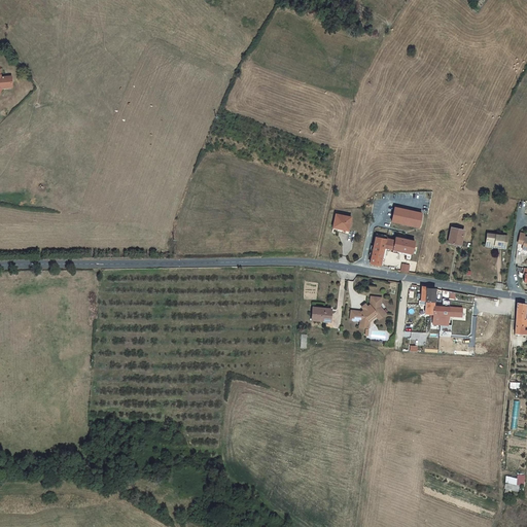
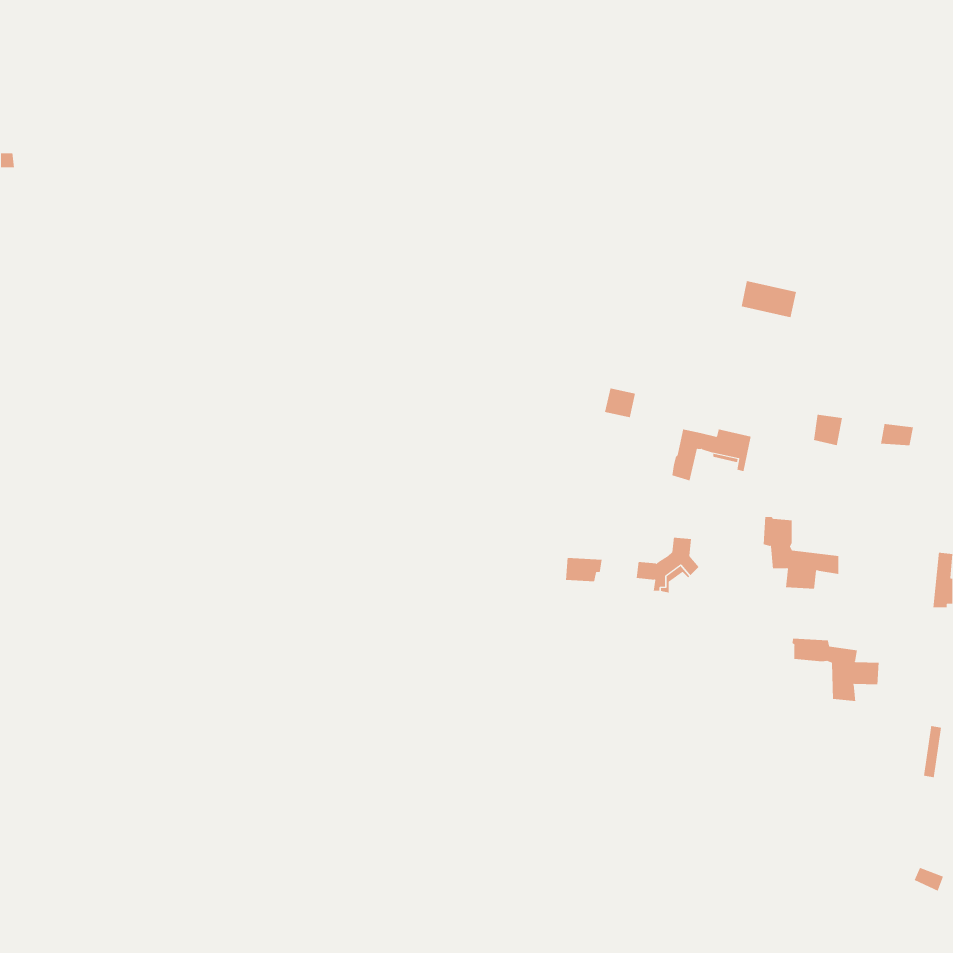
building: [392,208,423,229] -> [741,281,797,318]
building: none -> [792,638,879,702]

